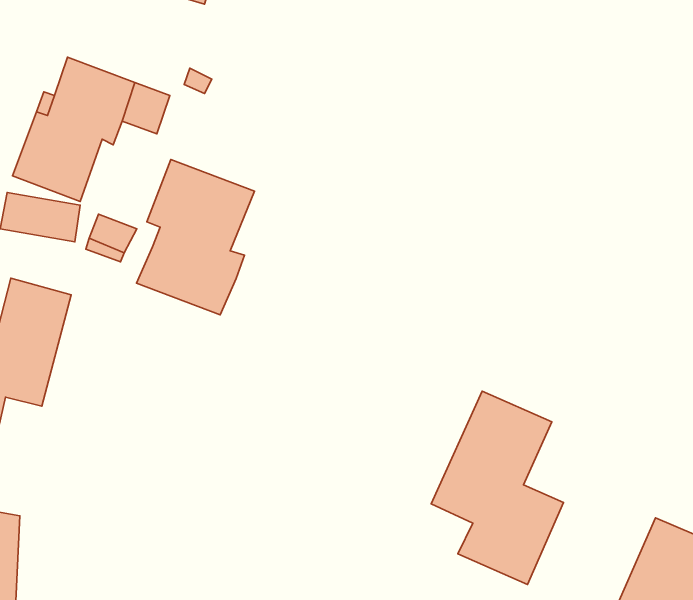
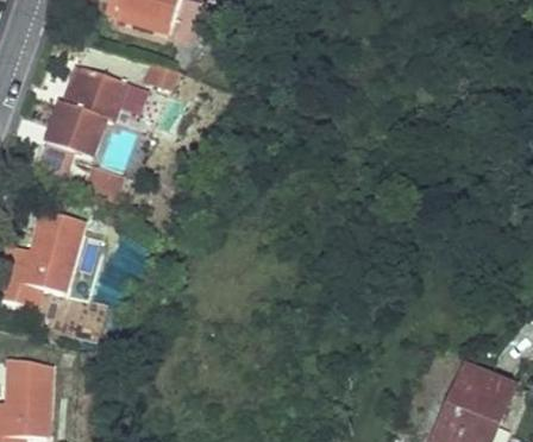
building: [137,160,255,315] -> none
building: [431,391,563,585] -> none

